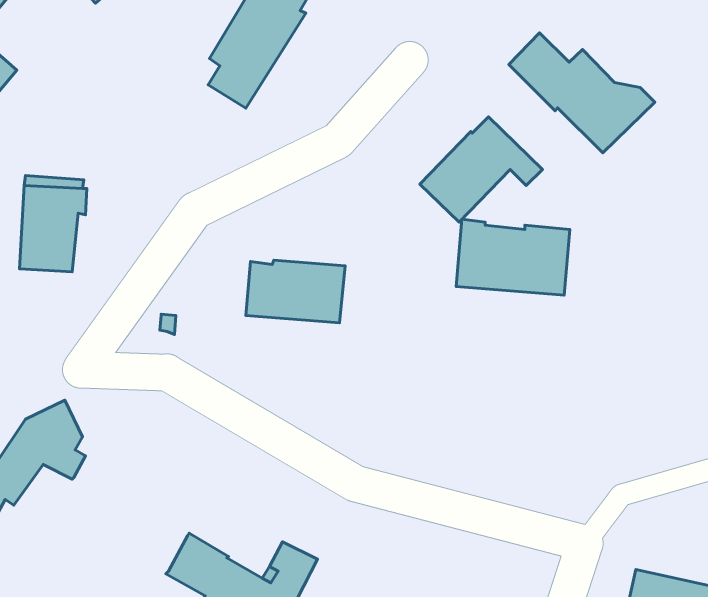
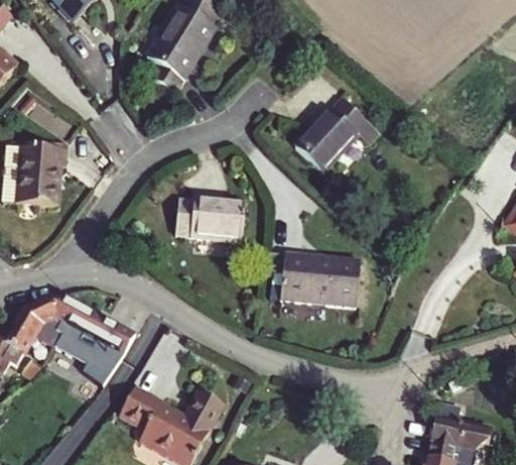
building: [509,33,655,153] -> none
building: [456,219,570,295] -> [279,254,358,307]
building: none -> [49,294,134,386]

